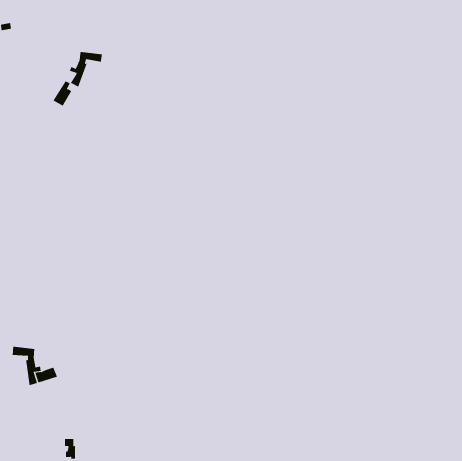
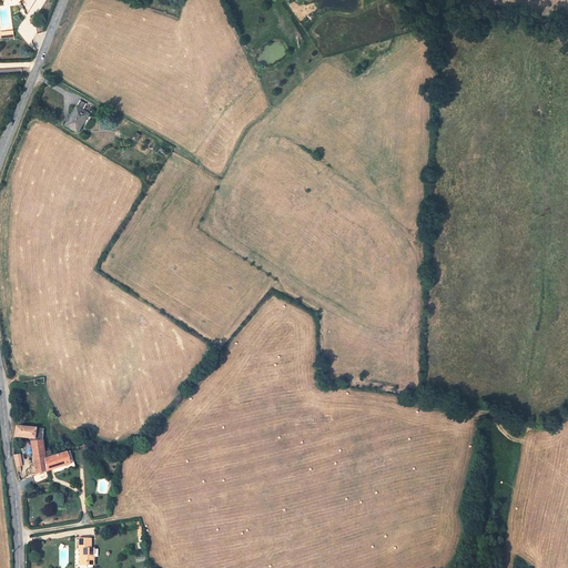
building: [69,51,102,88] -> none

